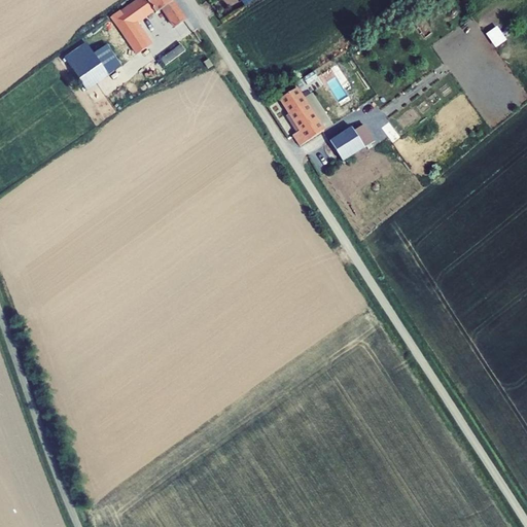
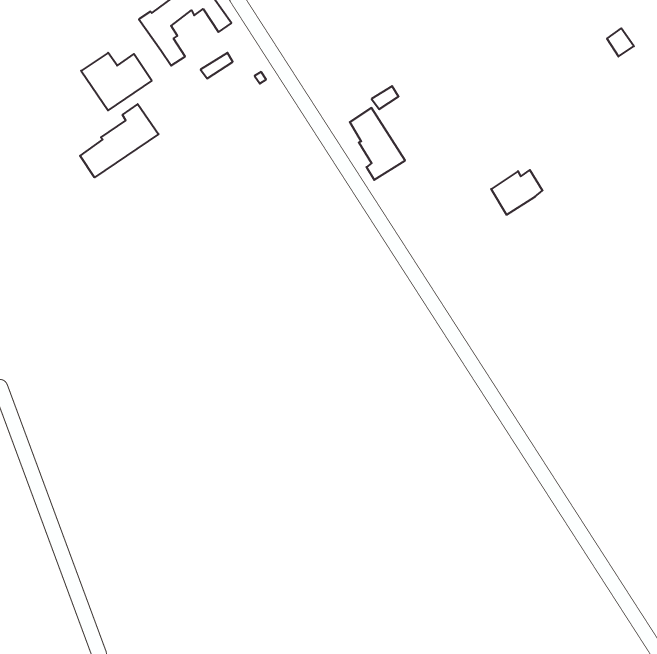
building: none -> [80,104,159,177]
building: [329,125,371,161] -> [491,170,543,215]

